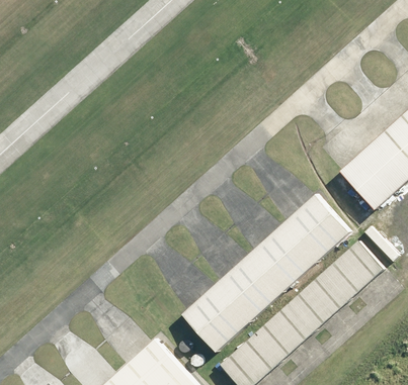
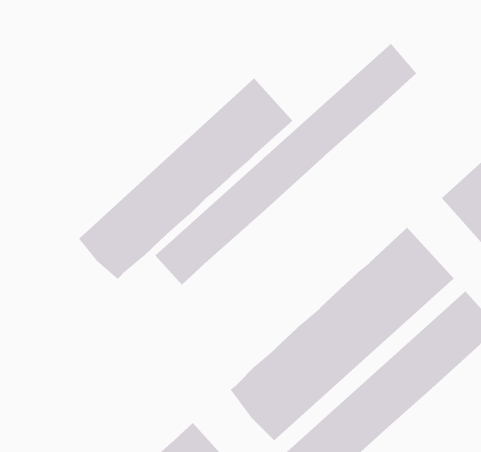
building: none -> [154,43,417,286]
building: none -> [78,77,293,280]

